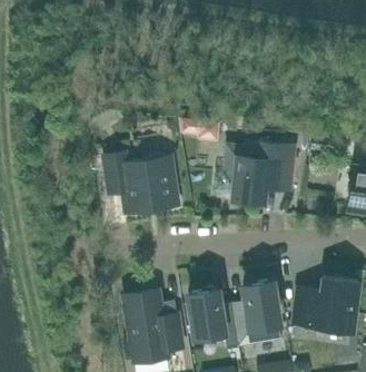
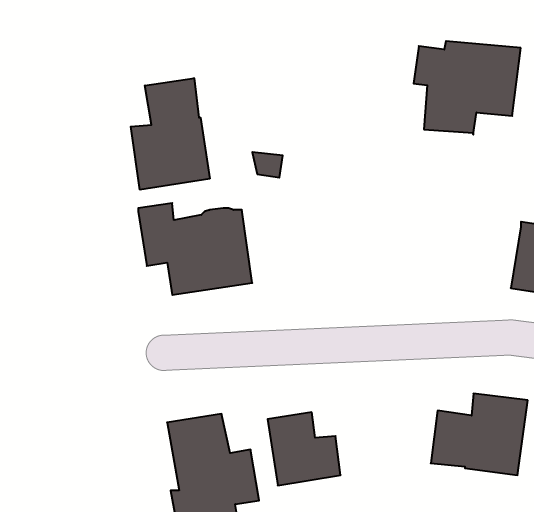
building: none -> [131,78,210,190]
building: [226,141,296,203] -> [414,41,521,135]
building: [234,281,281,345] -> none

